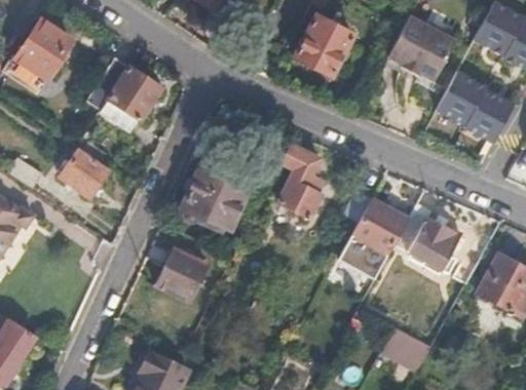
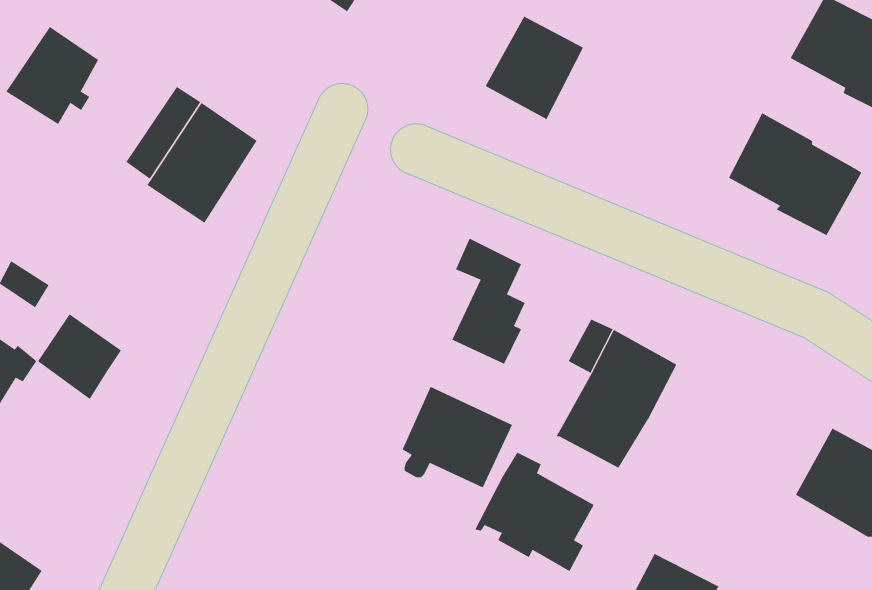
building: [389,15,455,81] -> none
building: [62,147,111,197] -> [37,313,122,400]
building: [182,170,247,230] -> [402,386,513,488]
building: [391,204,461,274] -> [475,452,594,572]
building: [157,249,208,303] -> none

